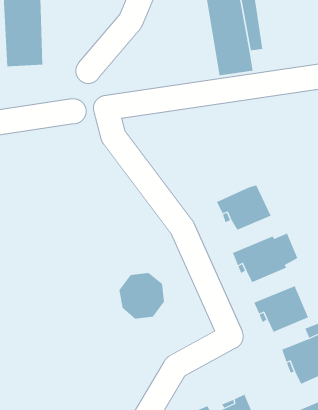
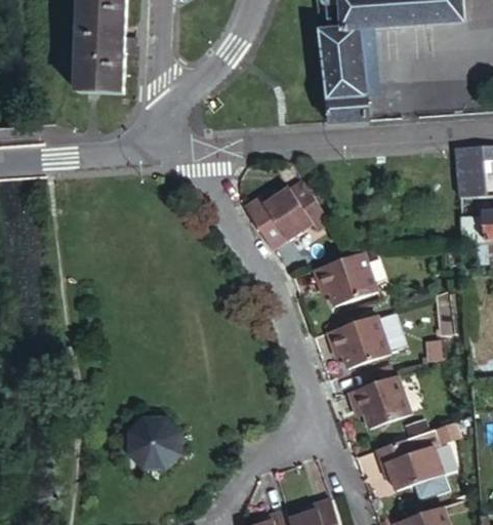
building: none -> [240,175,330,247]
building: [119,273,165,319] -> [128,419,181,473]

